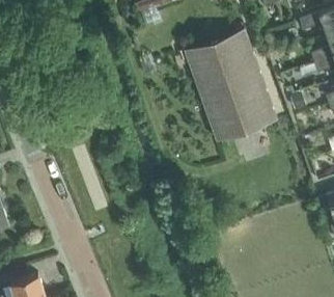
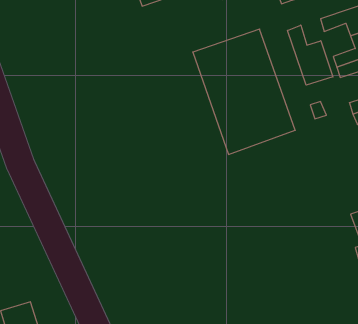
building: none -> [288,25,333,85]

